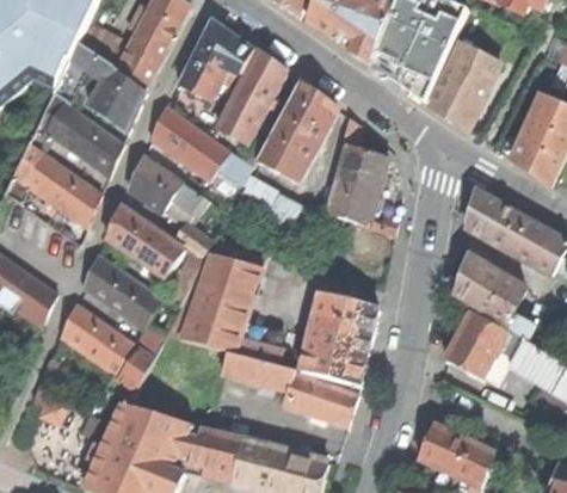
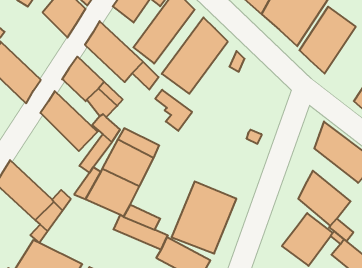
building: [44,103,122,174] -> none
building: [327,144,384,222] -> none
building: [84,252,162,326] -> none

